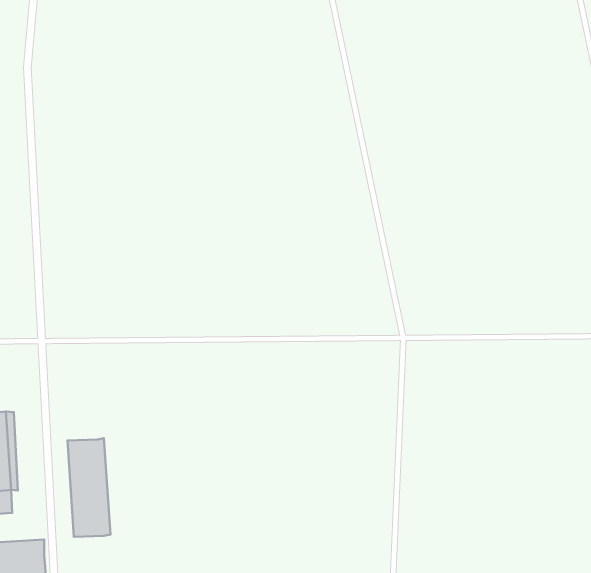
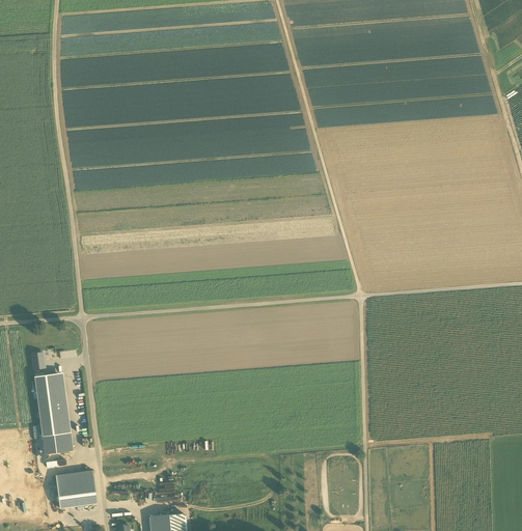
building: [67,438,110,537] -> none

